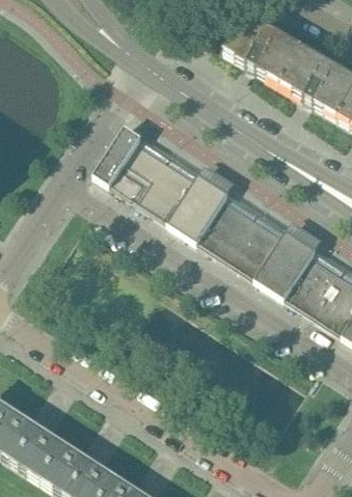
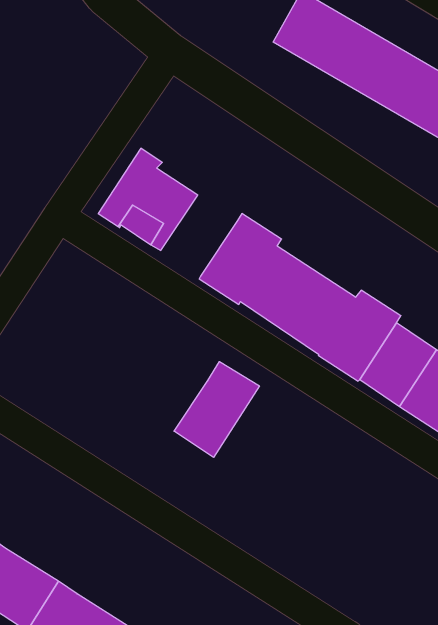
building: [140,160,196,219] -> none
building: none -> [174,362,259,457]

